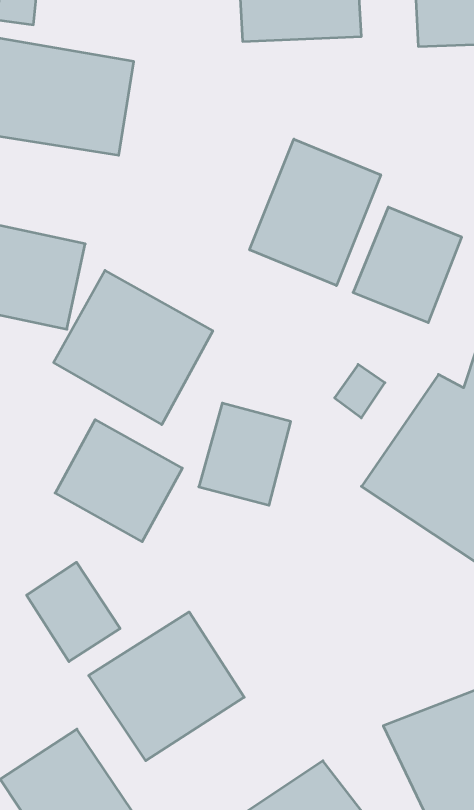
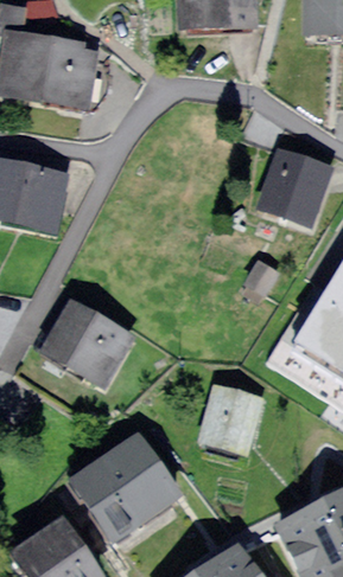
building: [250,139,381,286] -> none
building: [54,270,213,425] -> none
building: [199,403,291,505] -> [198,380,263,453]
building: [27,562,120,662] -> none

